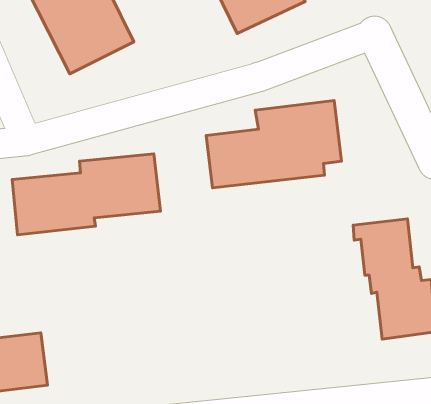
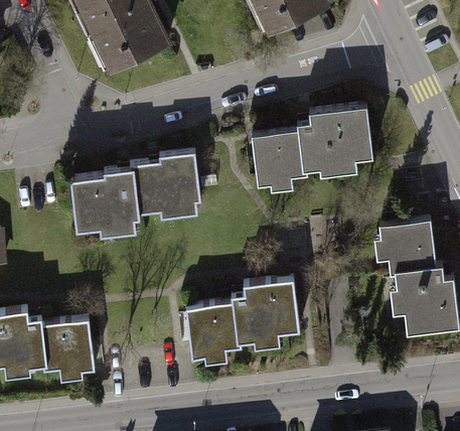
building: none -> [177,277,297,352]

